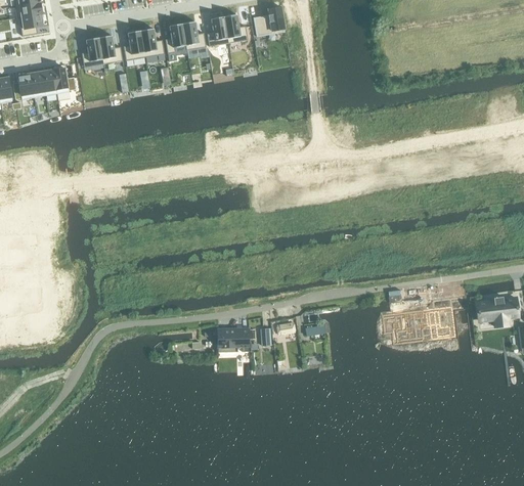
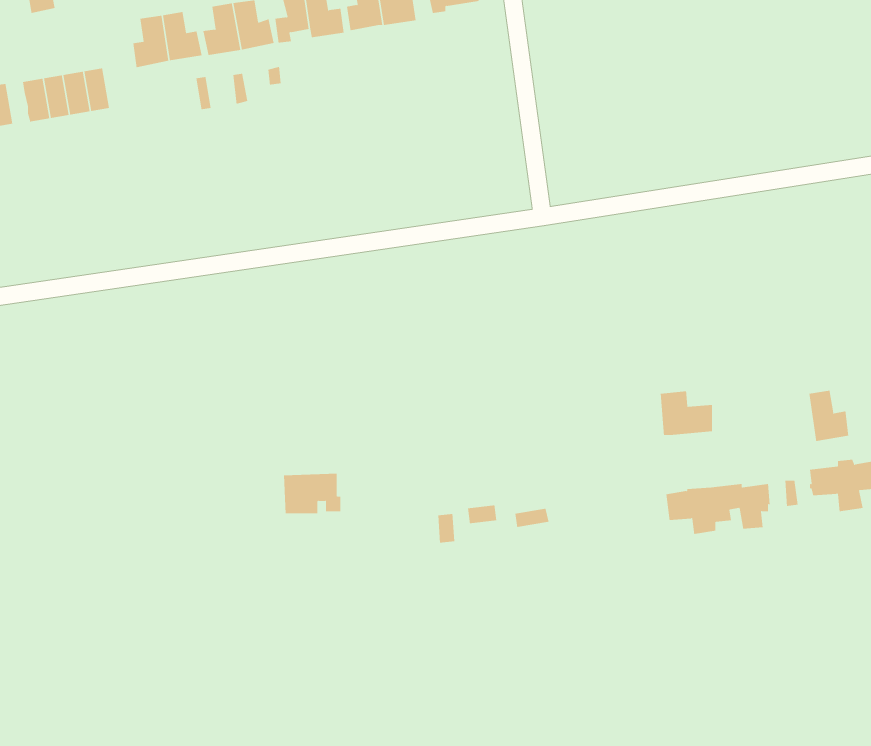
building: none -> [809,390,849,442]
building: none -> [660,391,713,436]
building: [217,327,251,351] -> [283,473,341,514]

